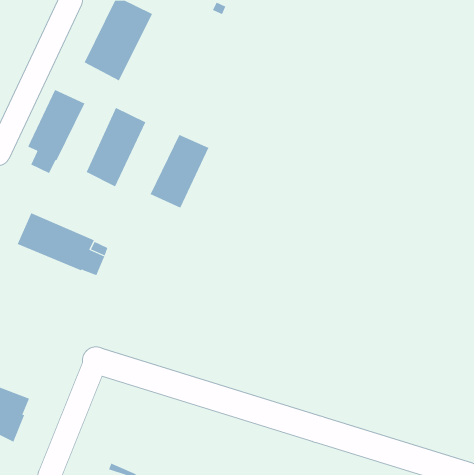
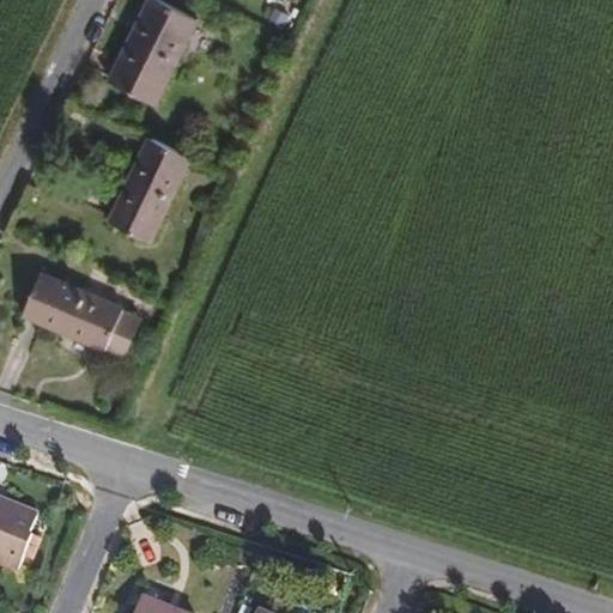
building: [27,89,85,174] -> none
building: [150,134,209,208] -> none

